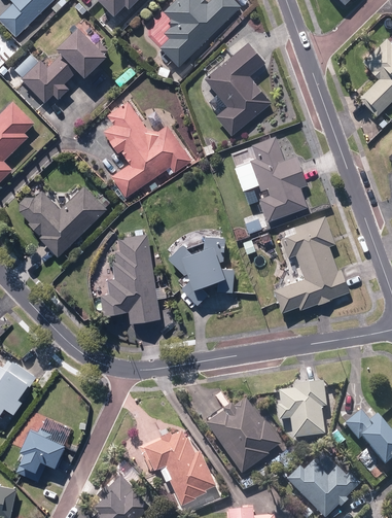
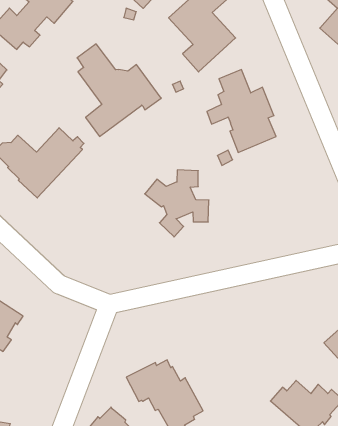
building: [273,215,349,313] -> none
building: [100,230,167,323] -> none
building: [278,381,326,438] -> none
building: [206,399,281,474] -> none
building: [16,426,65,481] -> none

